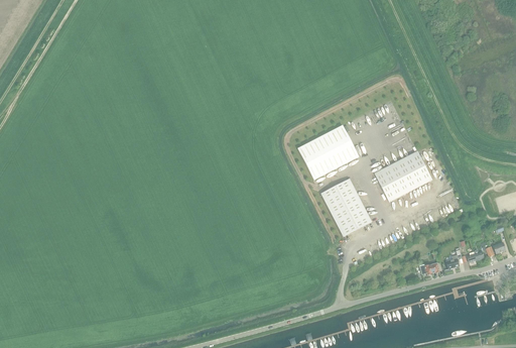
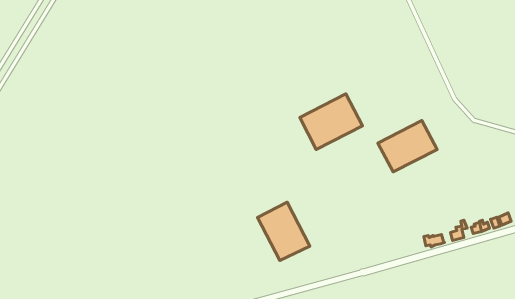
building: [320,179,372,236] -> [257,202,310,261]

